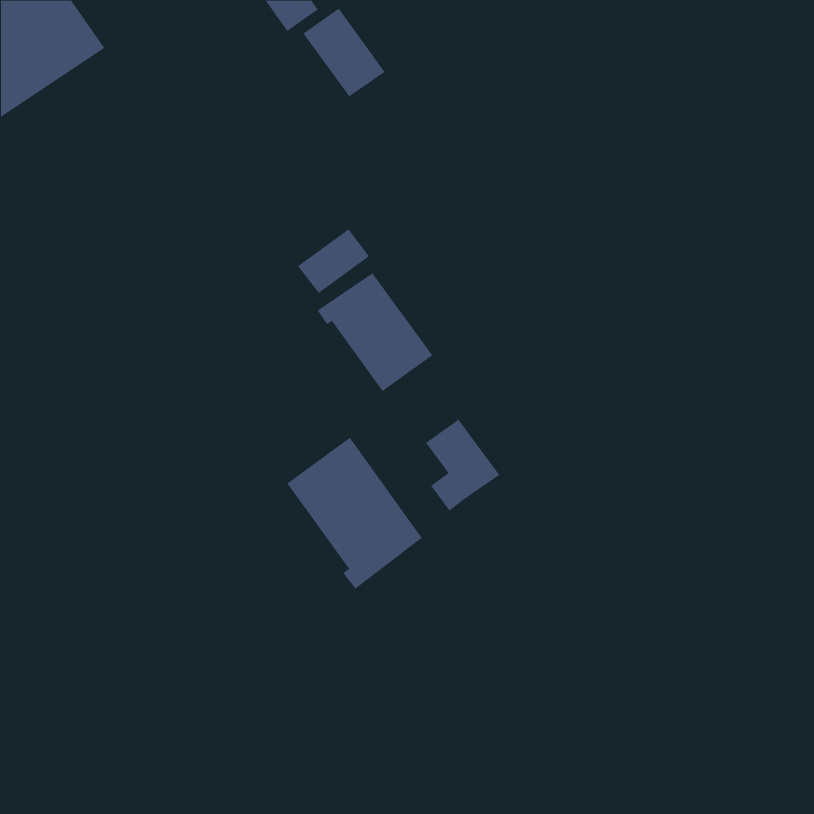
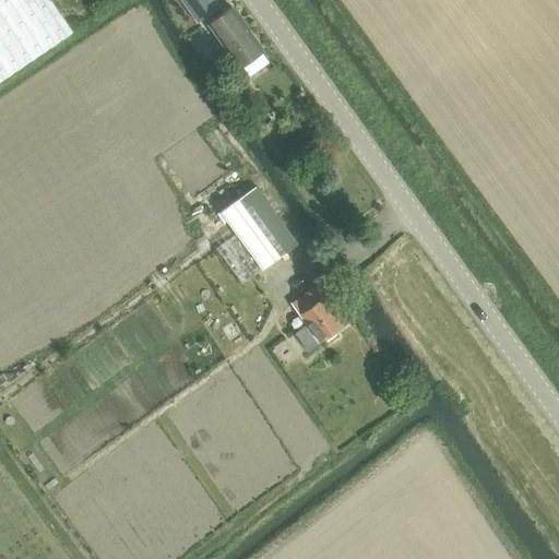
building: [297,228,370,294] -> none
building: [287,437,423,589] -> none

